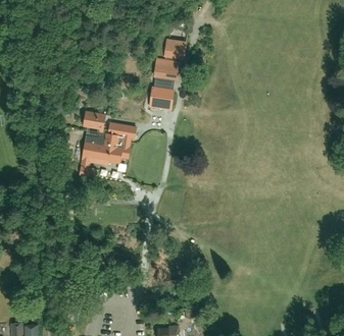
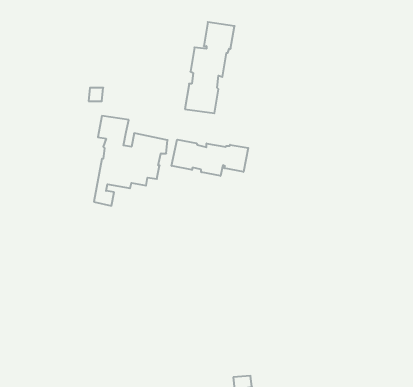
building: none -> [172,140,248,176]

